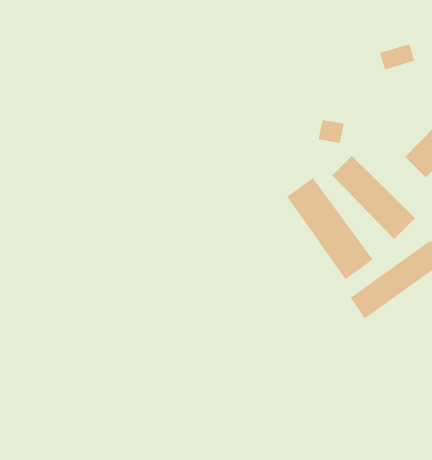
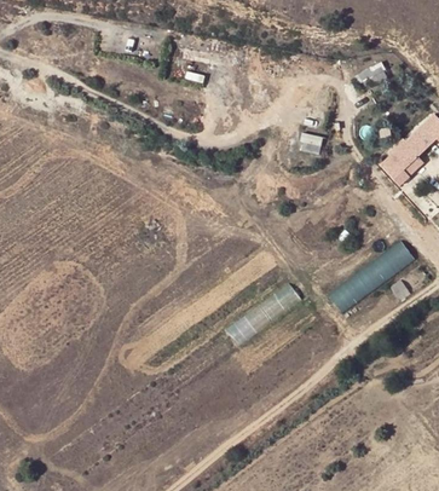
building: [331,155,416,240] -> none
building: [286,177,373,280] -> none

